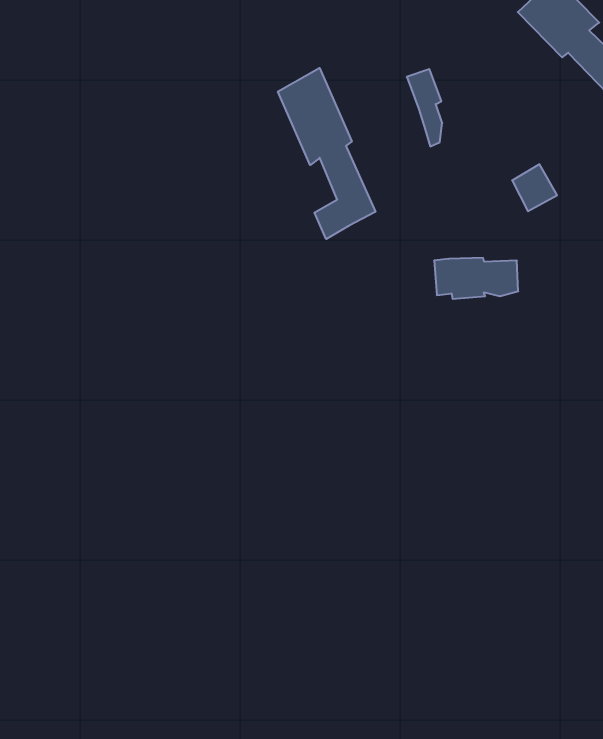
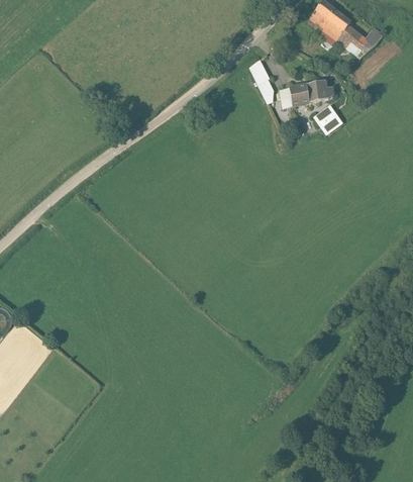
building: [278,68,375,239] -> none
building: [434,258,518,299] -> [279,82,328,108]

